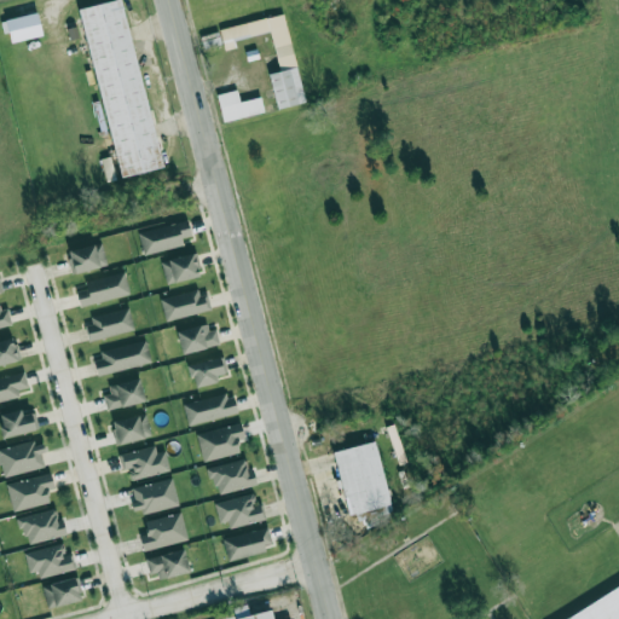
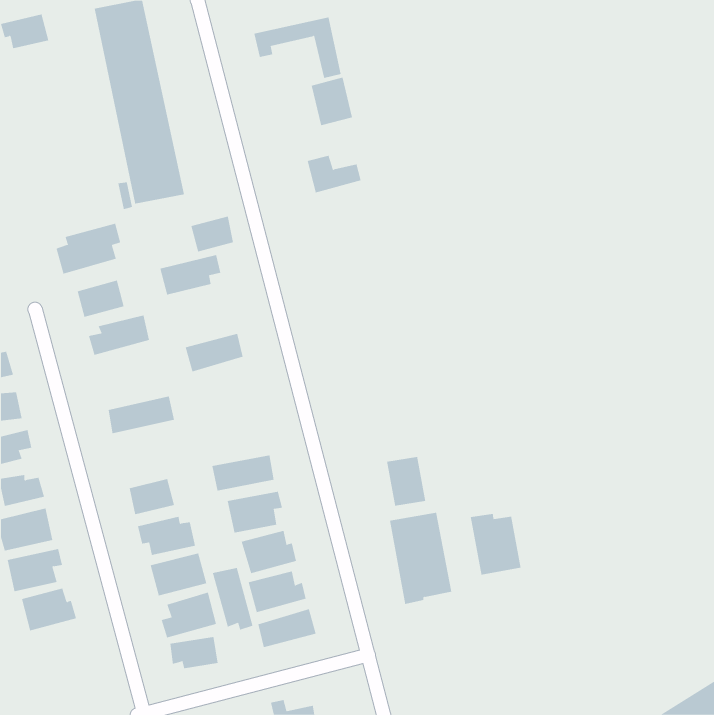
building: [218,89,265,122] -> [307,155,361,193]
building: none -> [56,223,121,274]
building: [162,253,199,284] -> [191,216,234,252]
building: [87,310,134,339] -> none
building: [178,324,221,353] -> none
building: [189,355,228,388] -> none
building: [104,378,146,411] -> none
building: none -> [387,456,426,507]
building: none -> [470,513,521,576]
building: none -> [212,567,253,631]
building: [25,544,76,578] -> none
building: [44,577,83,608] -> none

